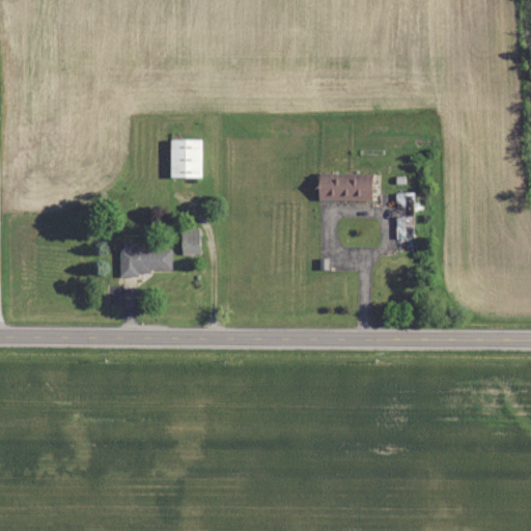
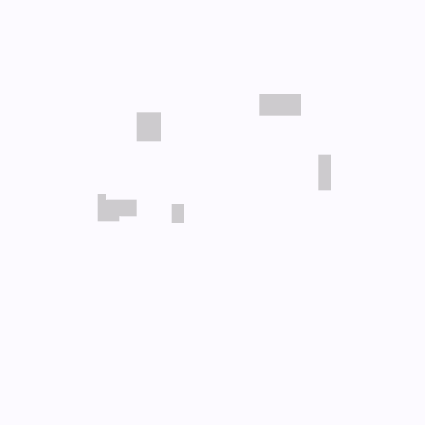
building: [318,173,372,201] -> [258,94,302,116]
building: [181,230,199,255] -> [171,203,185,223]

